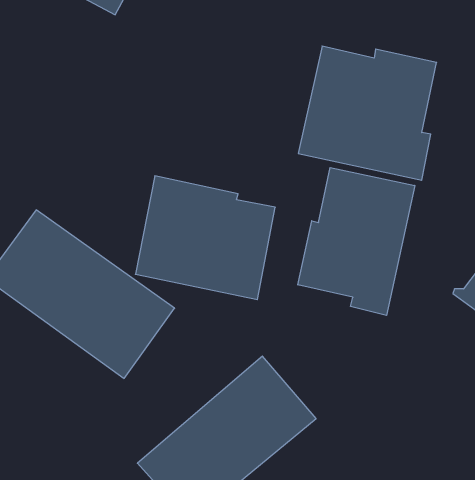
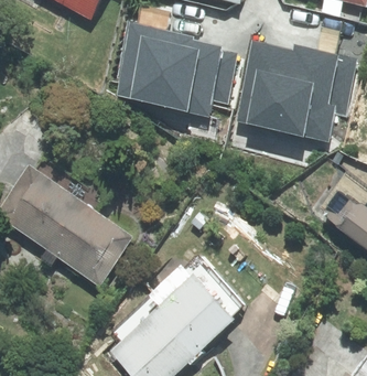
building: [298,168,415,315] -> none
building: [135,176,275,300] -> [111,23,215,115]

